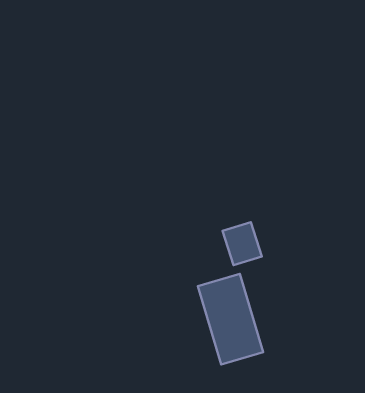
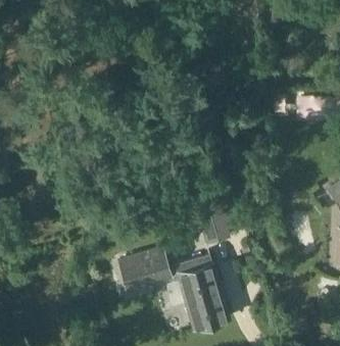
building: none -> [119,252,171,294]

